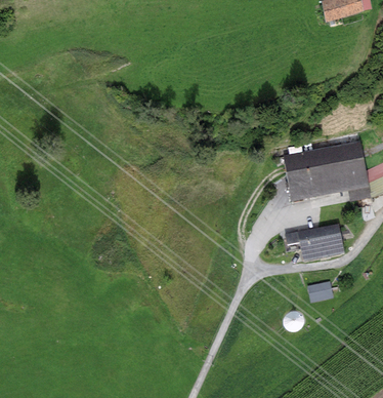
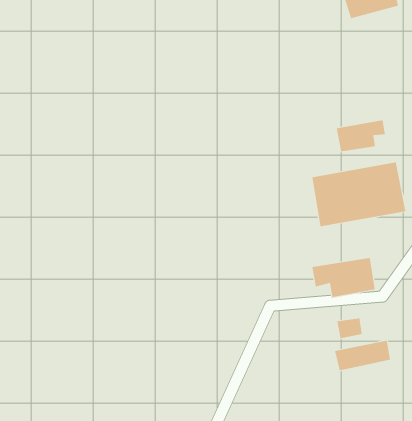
building: none -> [336,119,385,152]
building: none -> [335,340,390,371]

